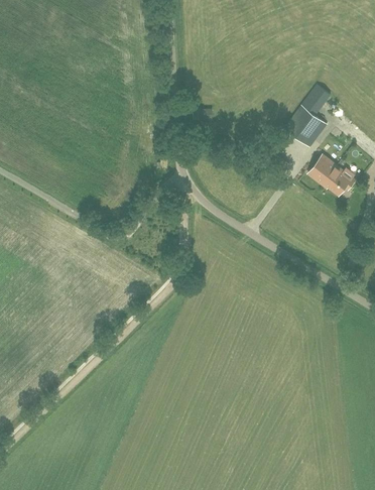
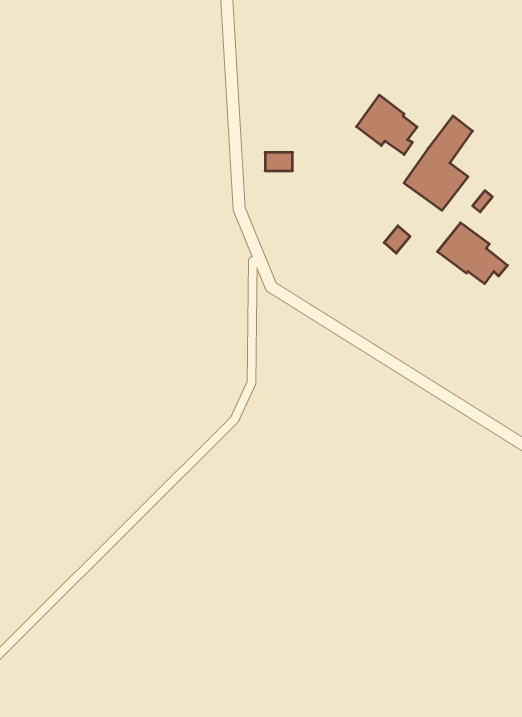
building: none -> [356,95,417,155]

